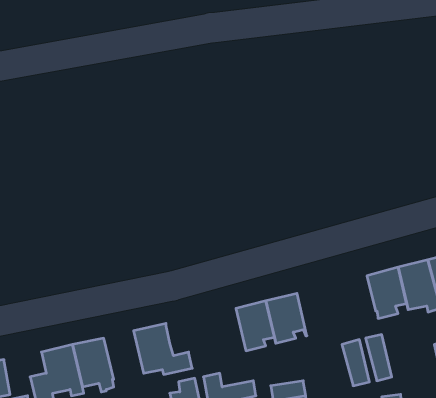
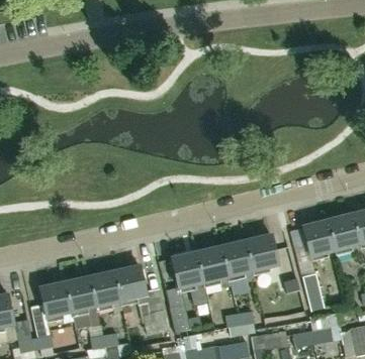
building: none -> [247,234,282,276]
building: none -> [172,252,205,292]
building: none -> [90,270,122,310]

